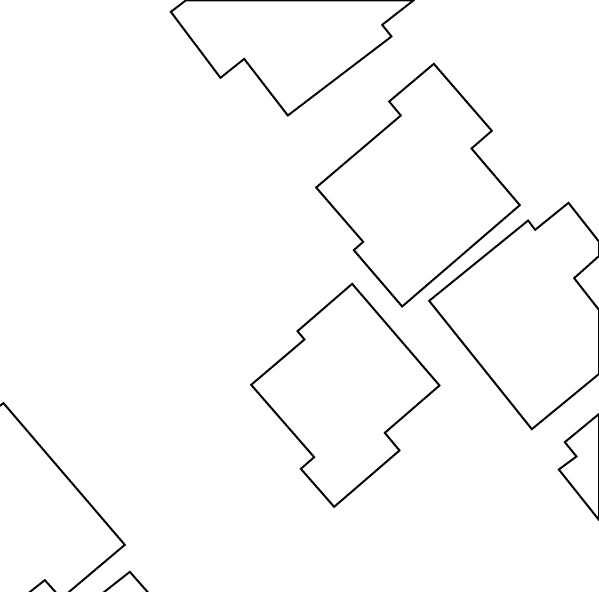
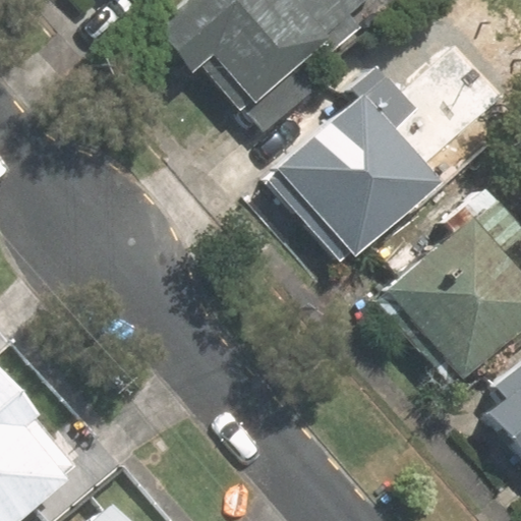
building: [251,284,440,507] -> none

